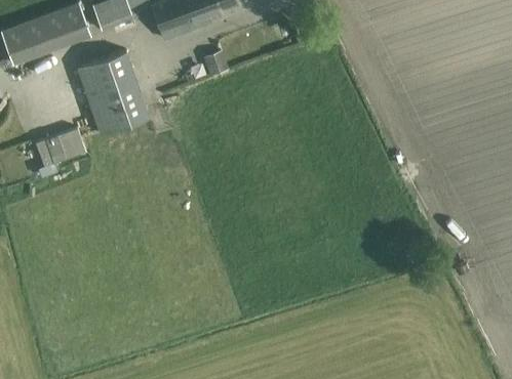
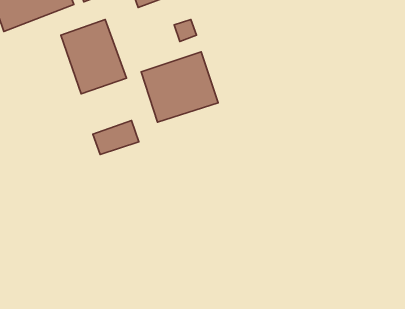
building: none -> [141,52,218,122]
building: [38,133,89,171] -> [93,120,139,155]

